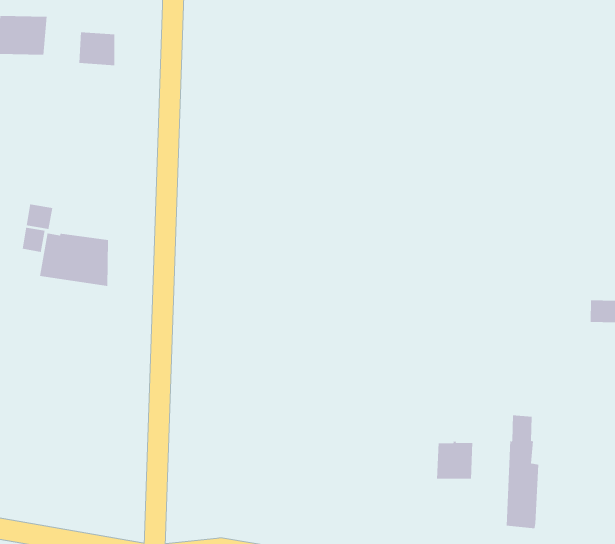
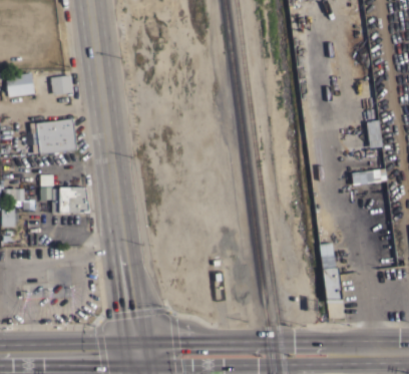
building: none -> [36,119,77,155]
building: [437,441,473,480] -> none

